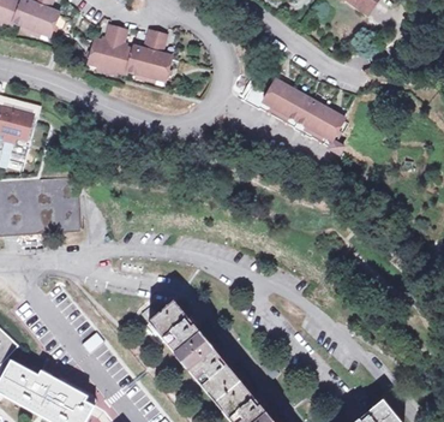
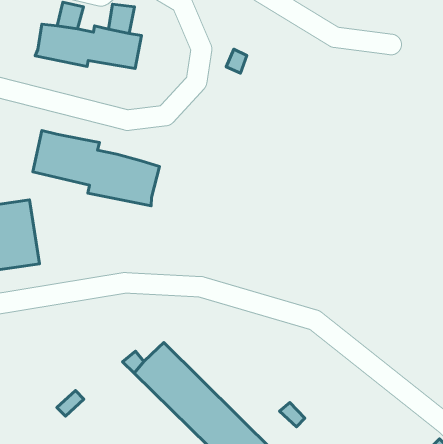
building: [248,81,348,157] -> none
building: none -> [33,130,159,206]

